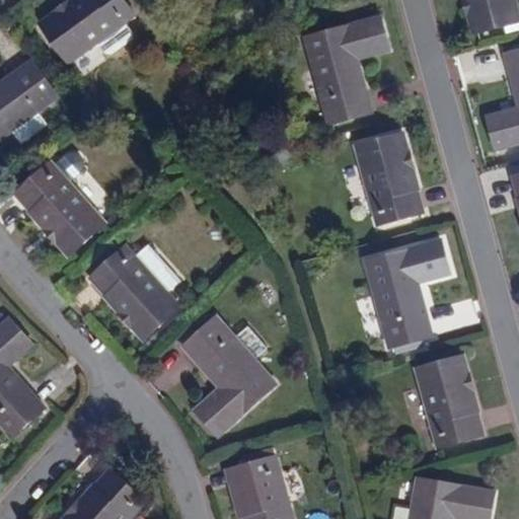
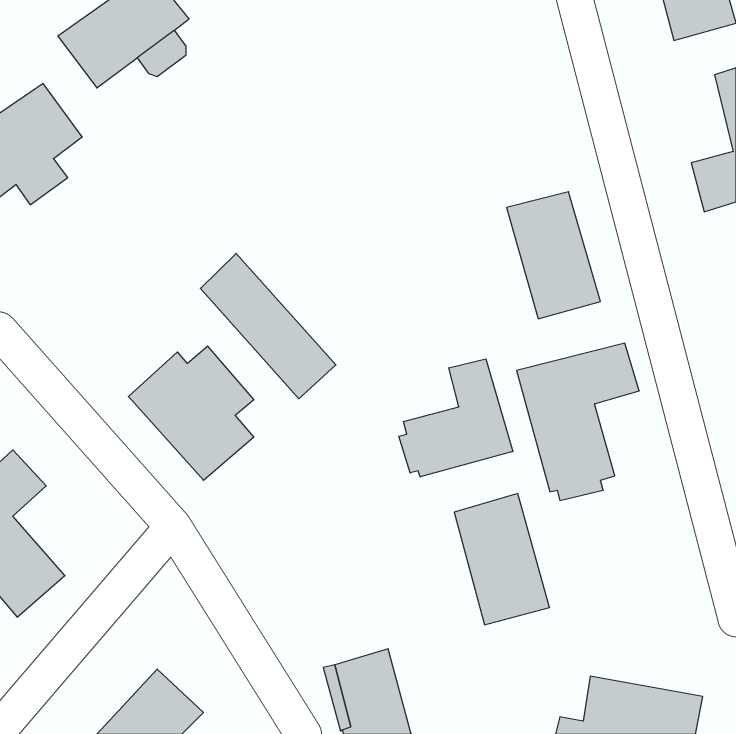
building: [302,17,387,122] -> none
building: [15,154,103,254] -> none
building: none -> [200,253,336,399]
building: none -> [399,359,513,477]
building: [180,318,275,435] -> none
building: [415,354,481,446] -> [454,494,550,625]

